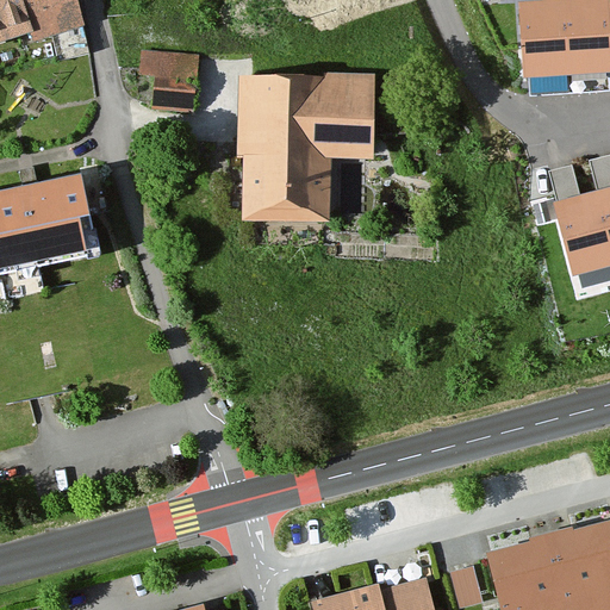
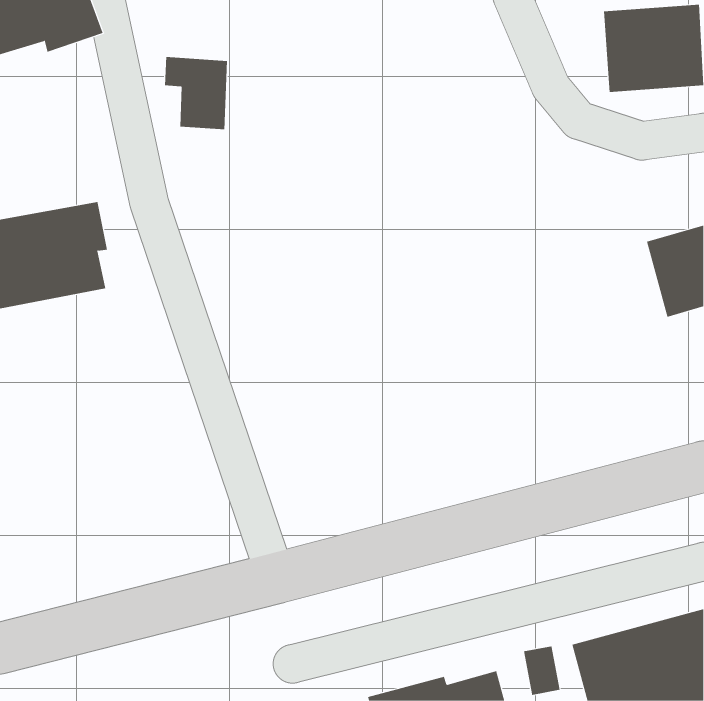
building: [238,74,368,213] -> none

